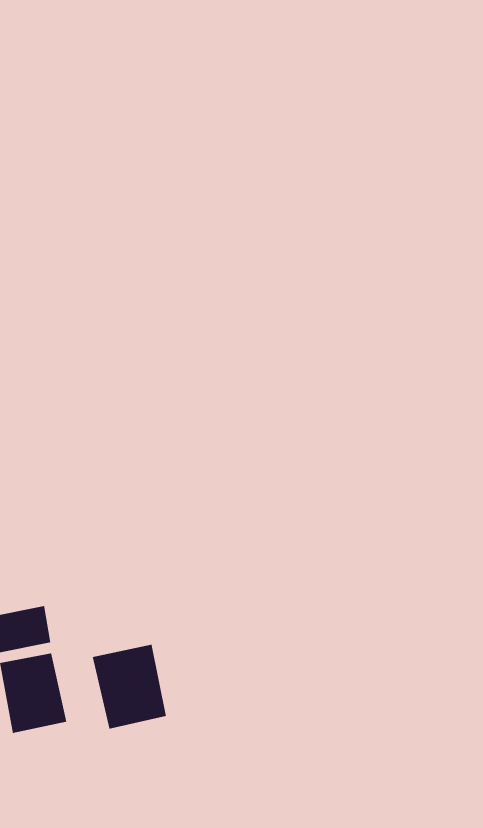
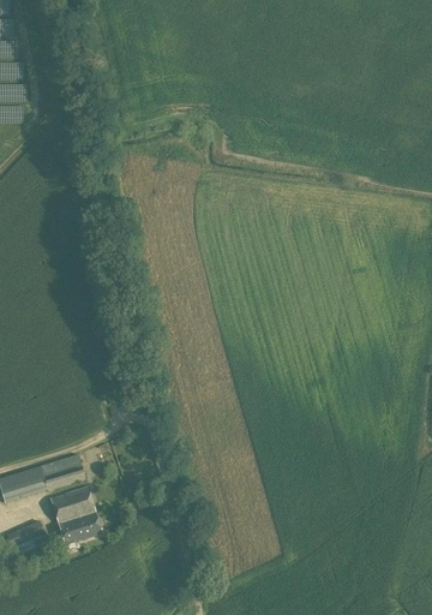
building: [92,644,167,730] -> none

